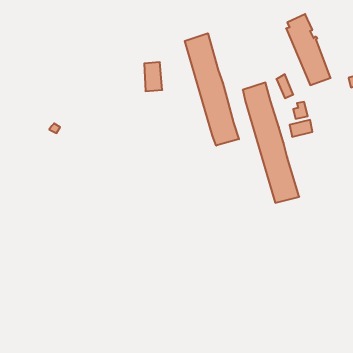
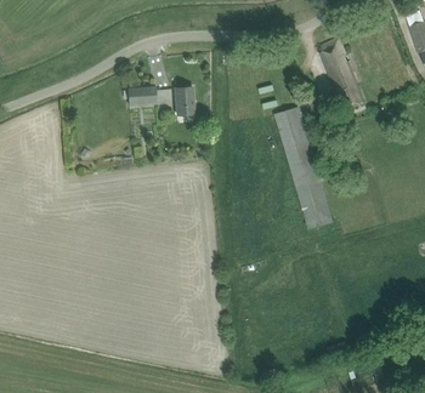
building: [185,33,239,146] -> none
building: none -> [121,86,155,104]

